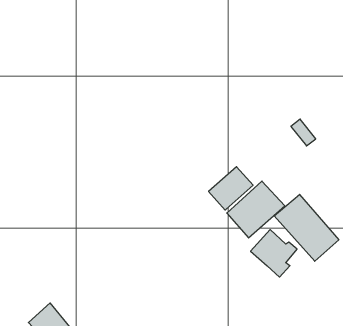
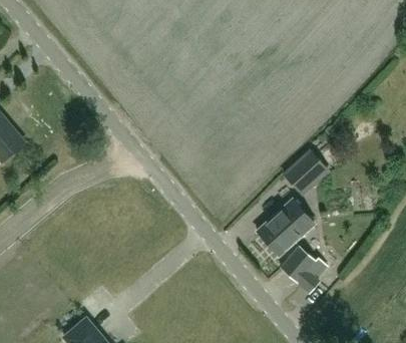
building: [209,167,253,210] -> [284,150,327,193]
building: [274,194,339,261] -> none

